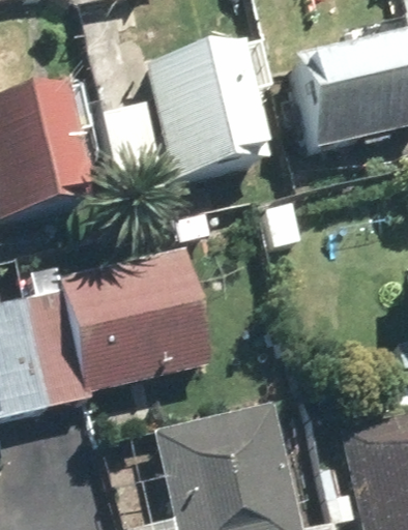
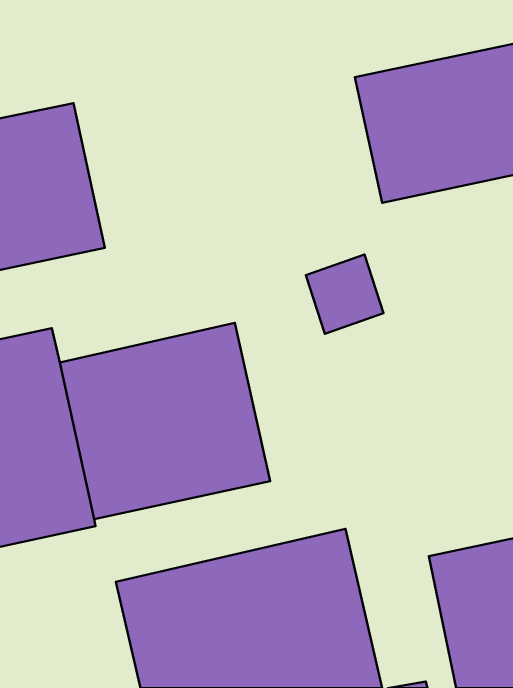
building: [146,31,272,178] -> none

